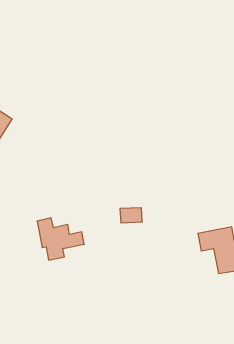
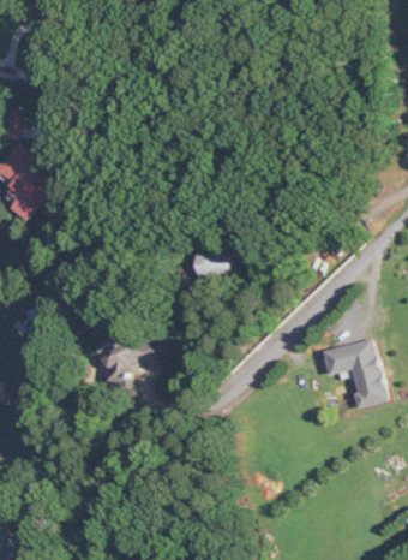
building: [120,208,142,223] -> [194,254,227,275]

